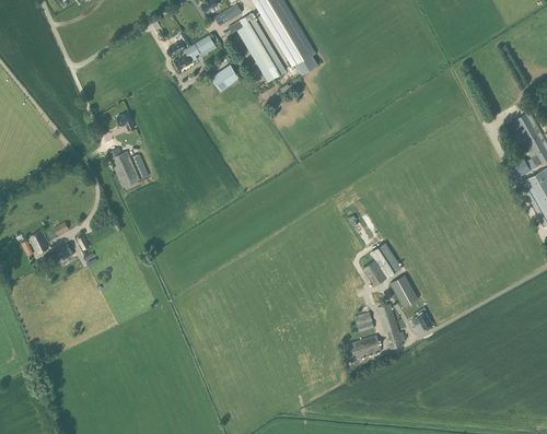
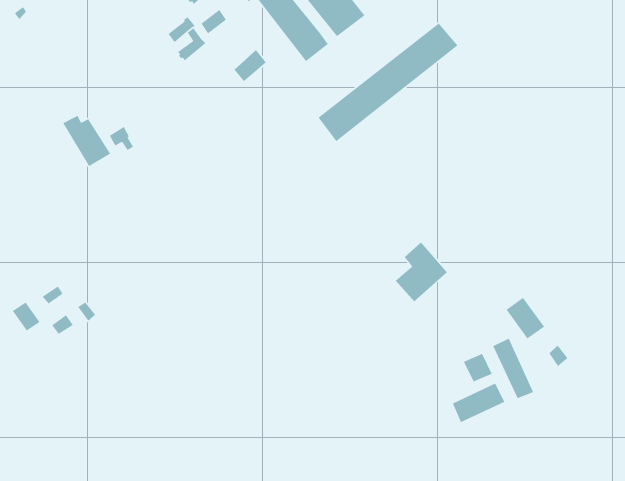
building: none -> [318,23,458,142]
building: [107,148,140,187] -> [62,115,111,167]
building: [362,243,401,286] -> [395,241,448,302]

